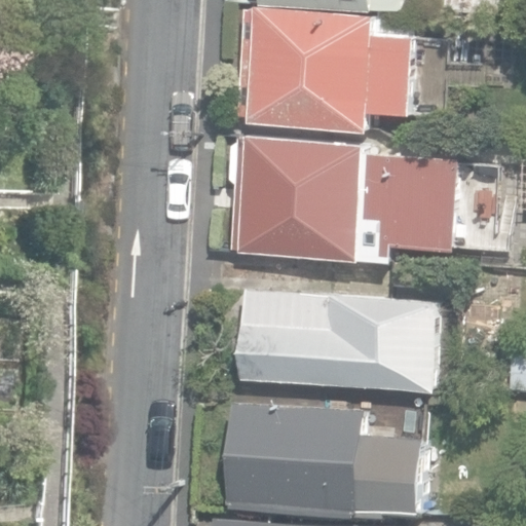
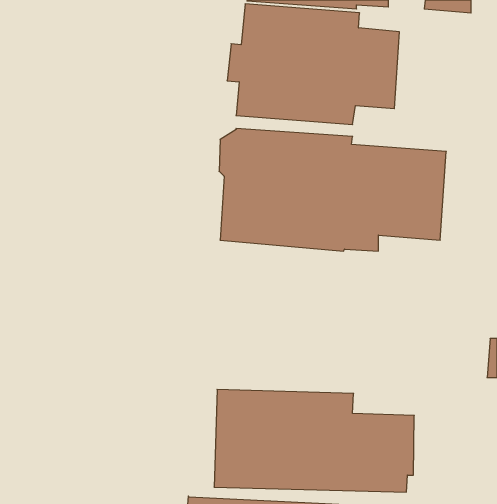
building: [239,288,441,391] -> none

